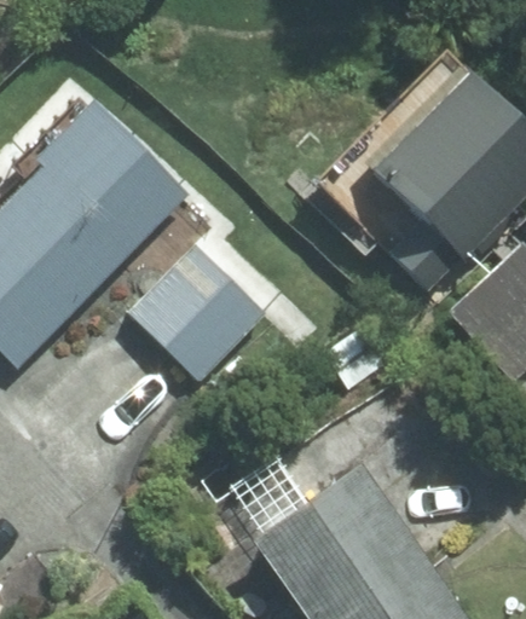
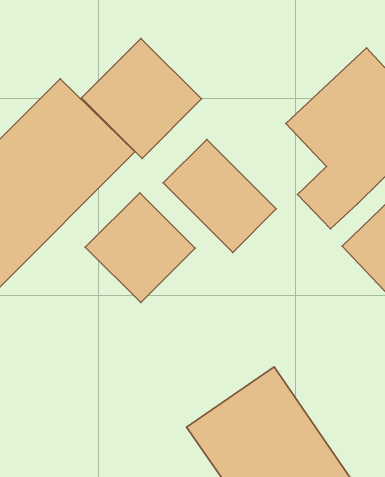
building: none -> [81,38,201,158]
building: none -> [163,139,276,252]

